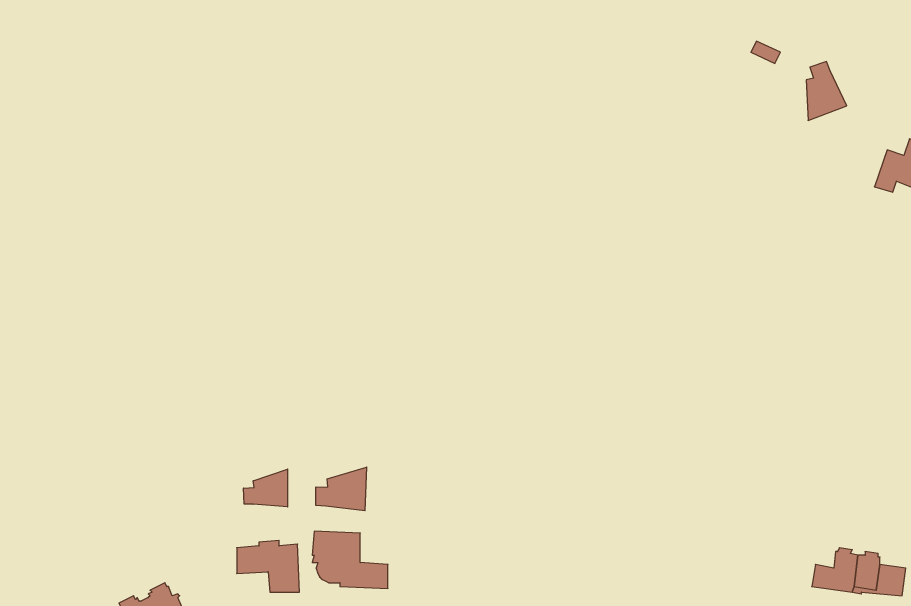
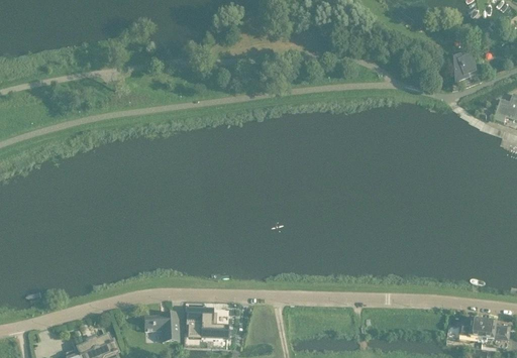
building: [316,467,367,511] -> none
building: [244,469,288,507] -> none

